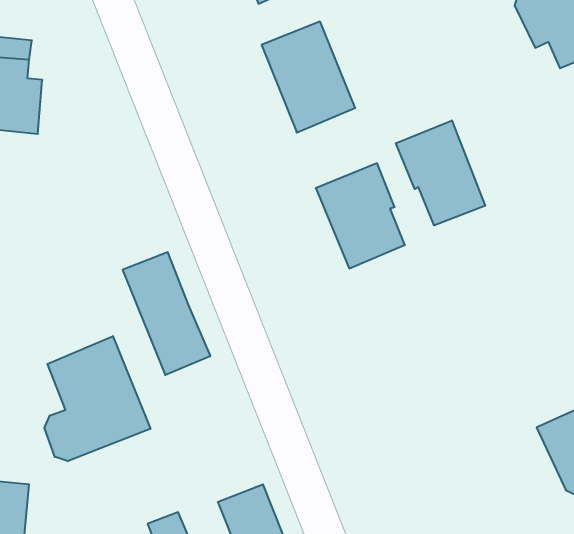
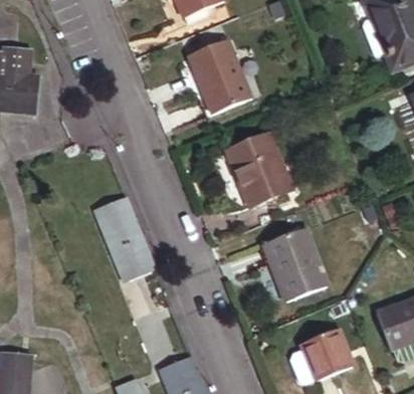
building: [396,120,485,225] -> none
building: none -> [265,227,329,300]
building: [44,336,150,461] -> none
building: none -> [288,329,353,383]

